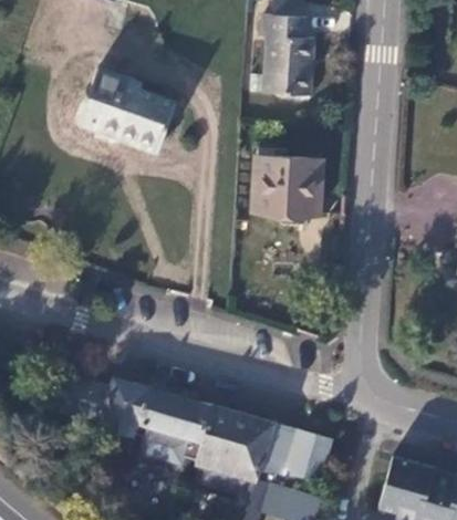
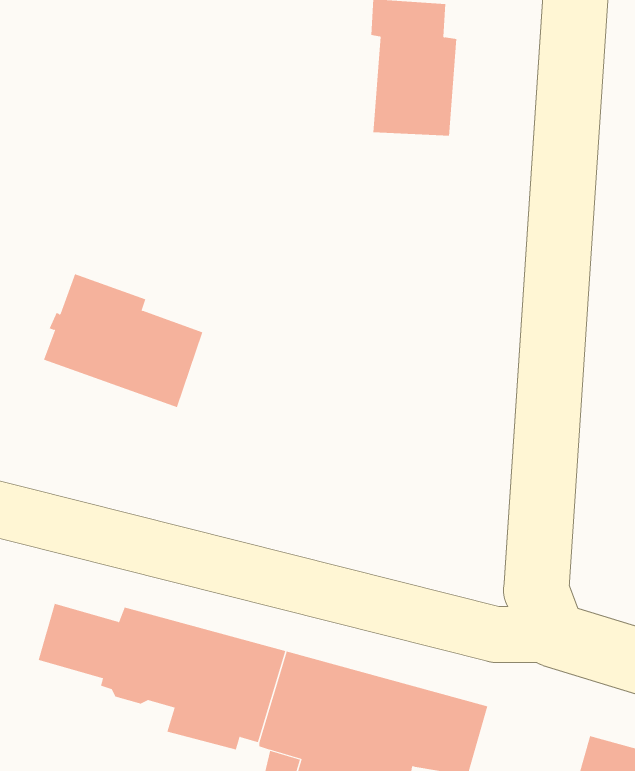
building: [80,71,176,152] -> [43,273,203,408]
building: [255,157,322,218] -> none

